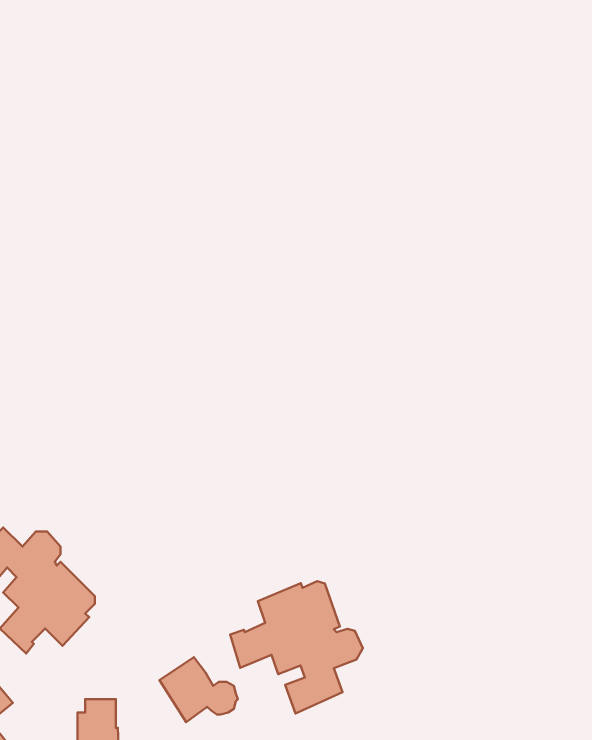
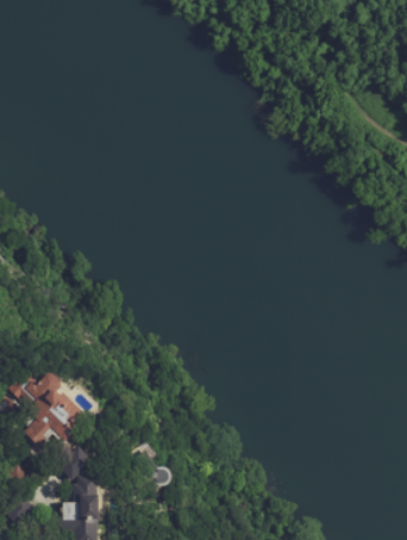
building: [230,581,363,714] -> none
building: none -> [54,446,92,483]

